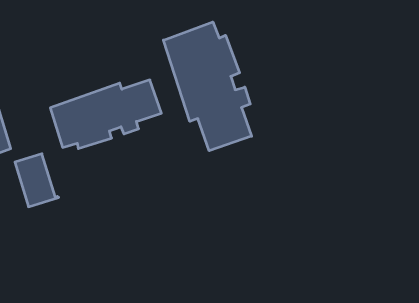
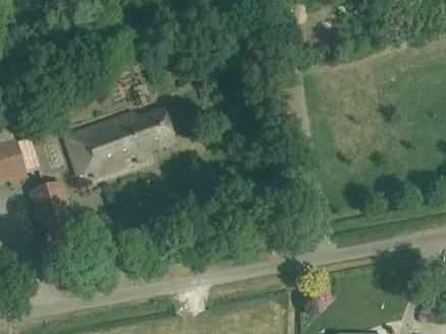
building: [163,22,252,151] -> none

